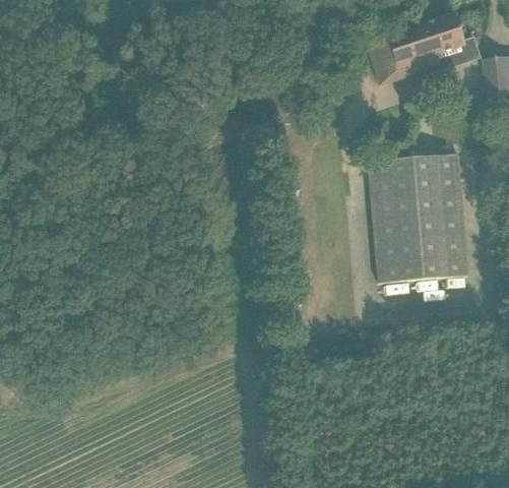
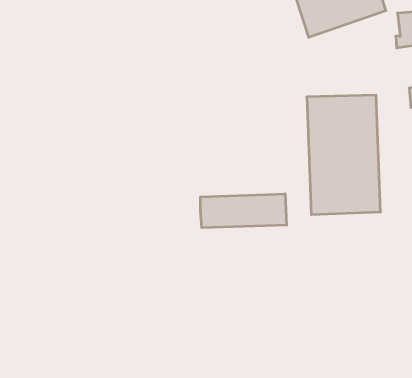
building: none -> [201,194,287,228]

